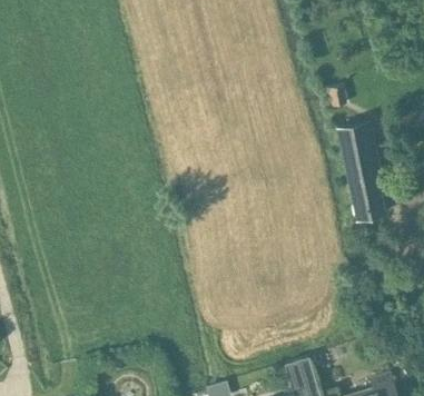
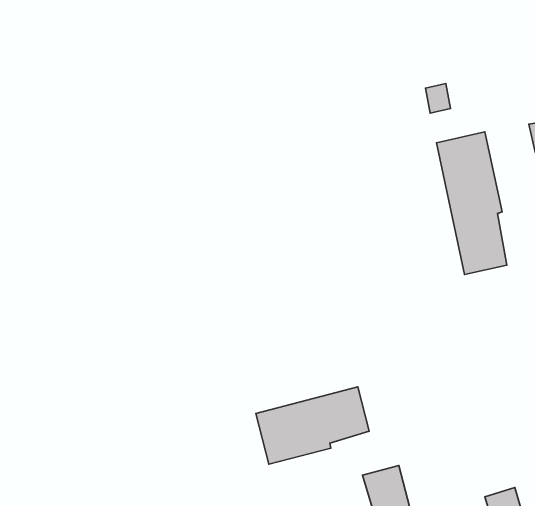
building: none -> [256,387,369,464]

